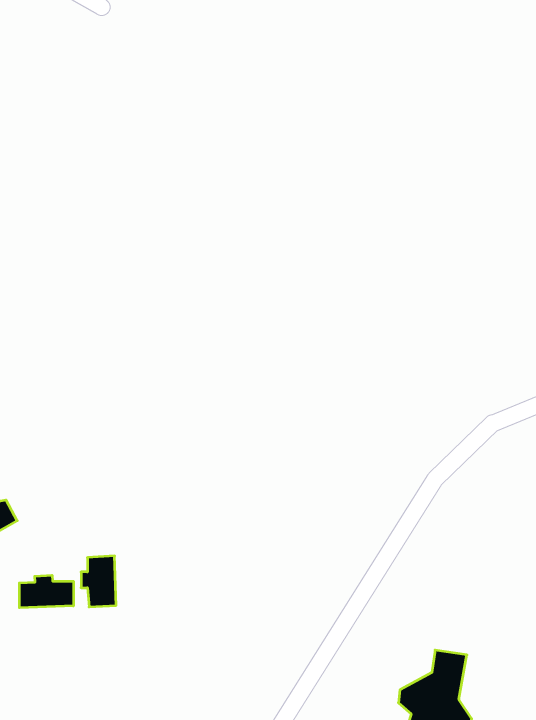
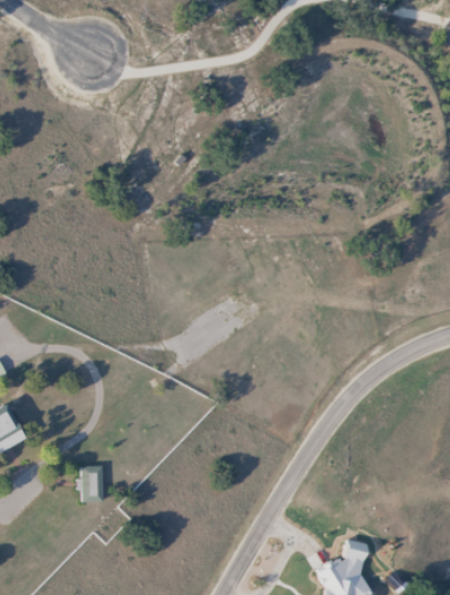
building: [19,575,73,608] -> none

